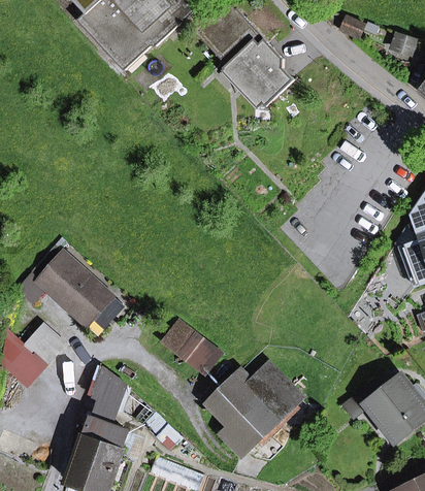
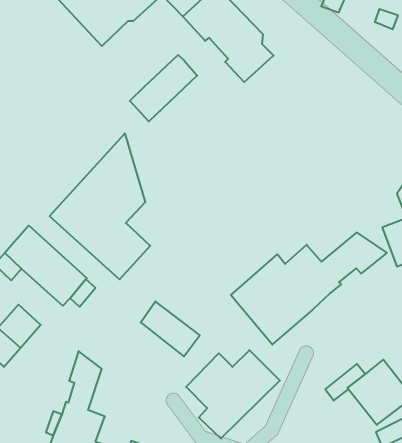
building: none -> [130,55,197,122]
building: none -> [50,133,150,279]
building: none -> [231,233,387,345]

